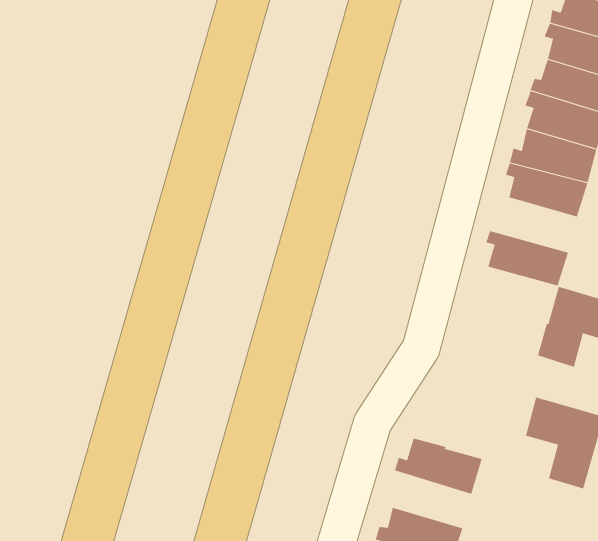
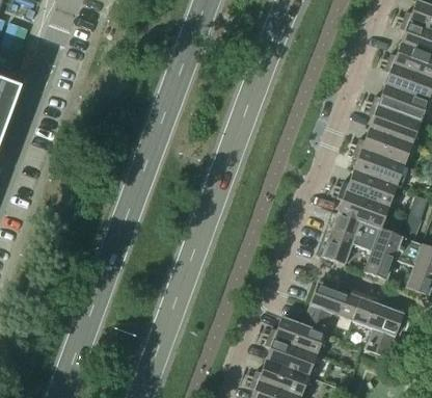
building: none -> [341,170,397,208]
building: none -> [322,213,381,265]
building: none -> [302,282,361,334]
building: none -> [266,337,317,376]

